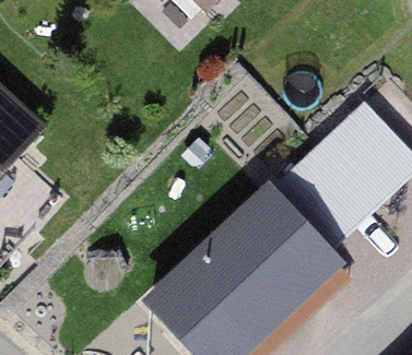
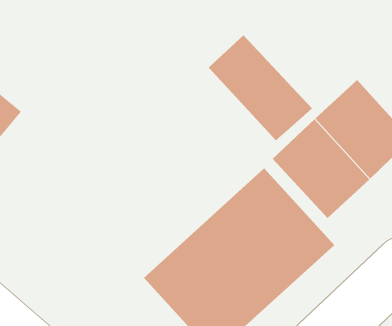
building: none -> [208,34,313,141]

